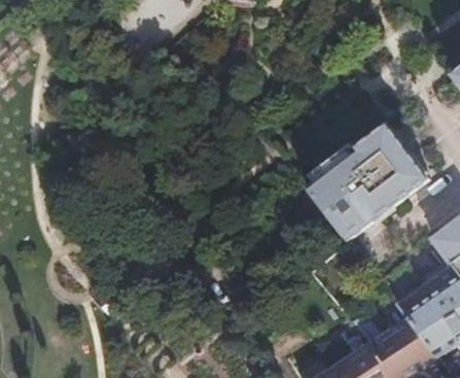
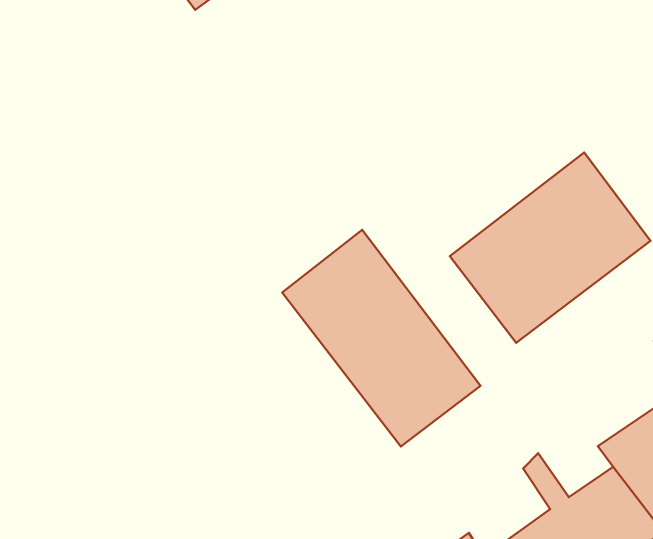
building: none -> [282,230,480,447]

